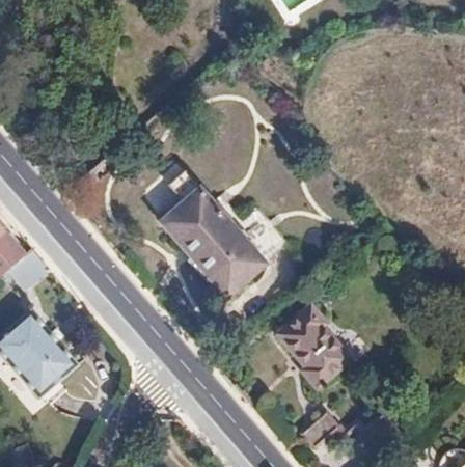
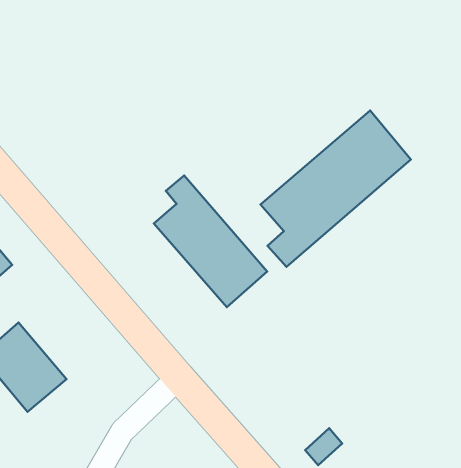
building: none -> [261,111,411,267]
building: [277,304,351,388] -> none

